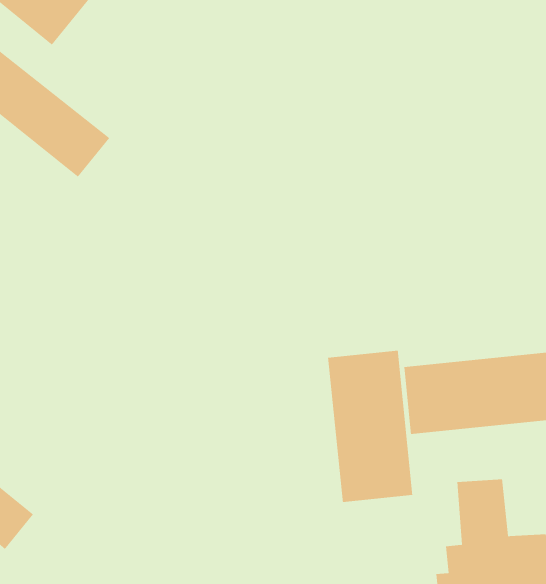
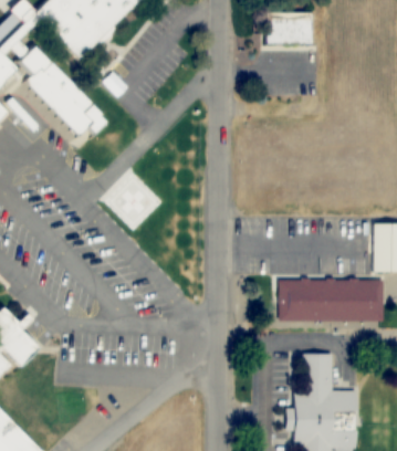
building: [327,350,413,503] -> none

